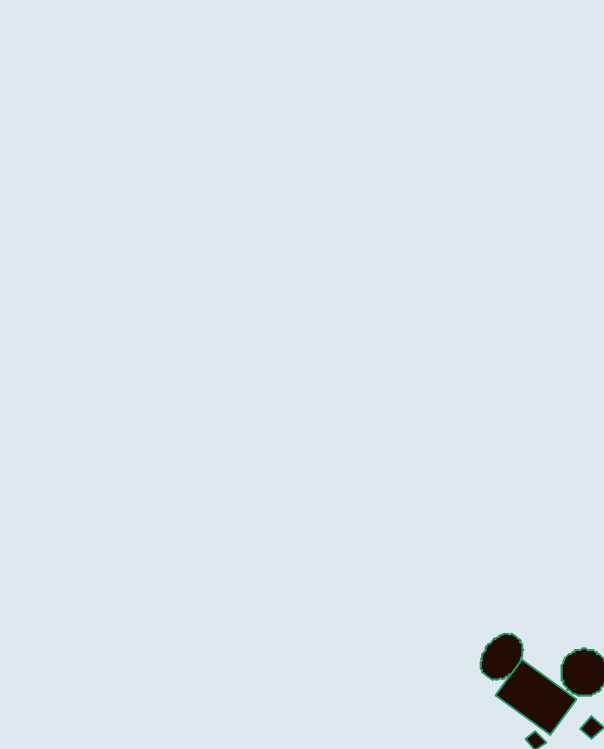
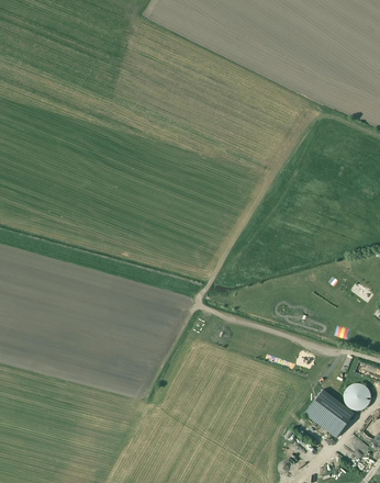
building: [481,634,523,680] -> none

